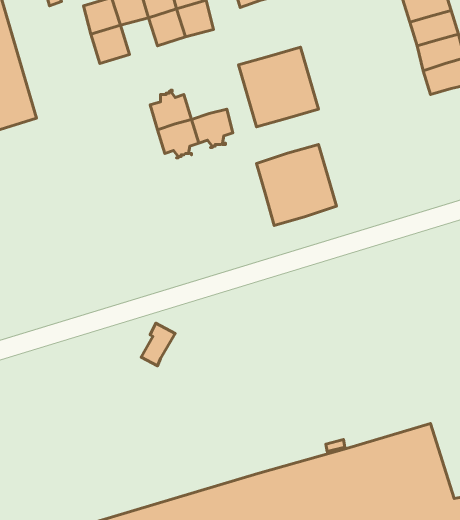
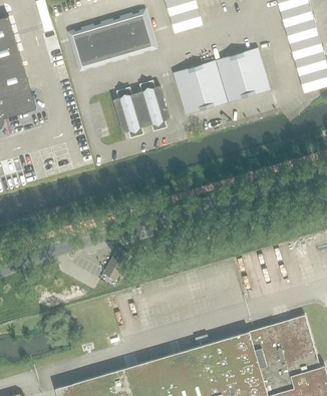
building: none -> [92,40,117,65]
building: none -> [135,83,165,109]
building: [257,144,336,225] -> [215,47,269,102]

